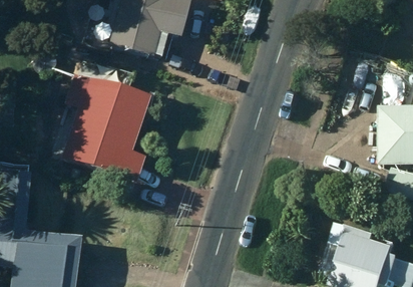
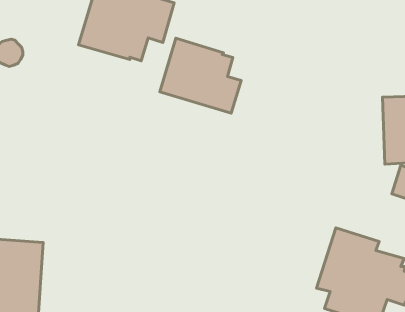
building: none -> [160,38,241,113]
building: [64,76,151,182] -> none

